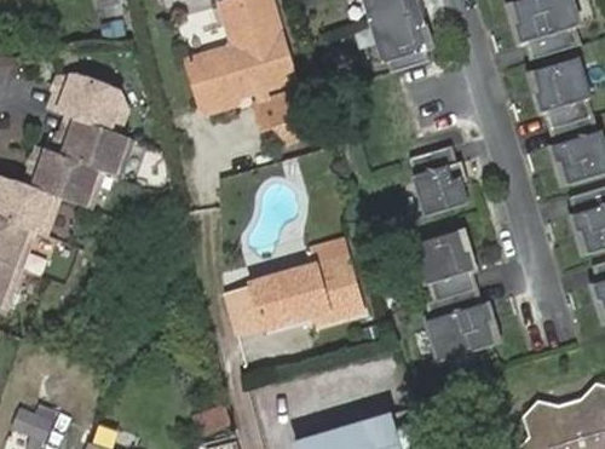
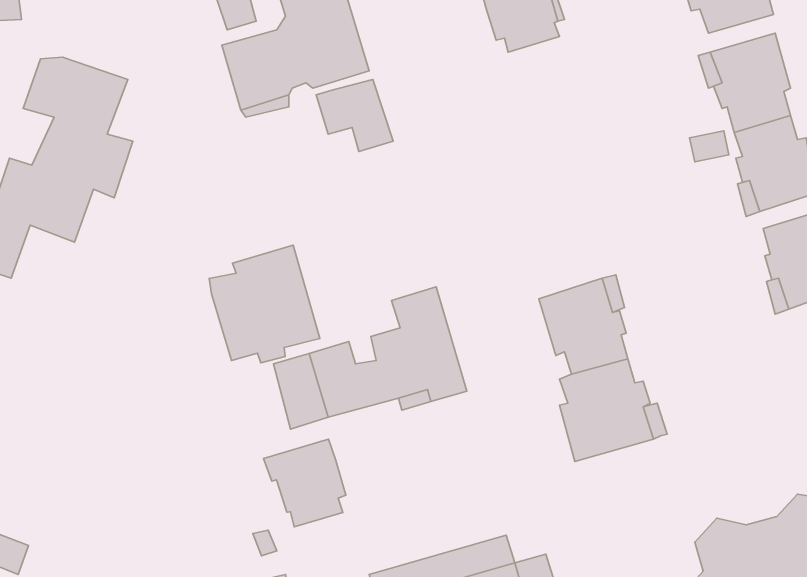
building: [411,145,469,215] -> none
building: none -> [209,245,320,363]
building: none -> [263,439,346,527]

